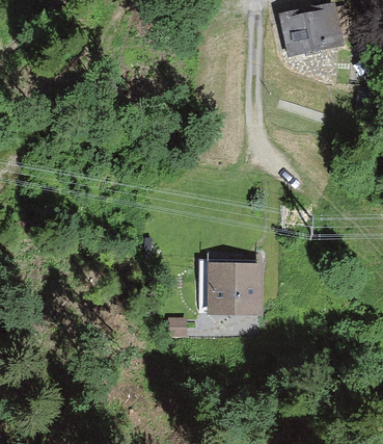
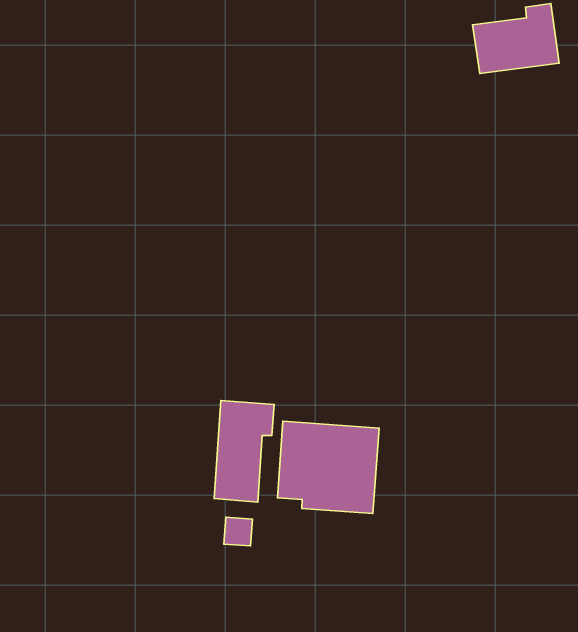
building: none -> [214,401,274,502]

